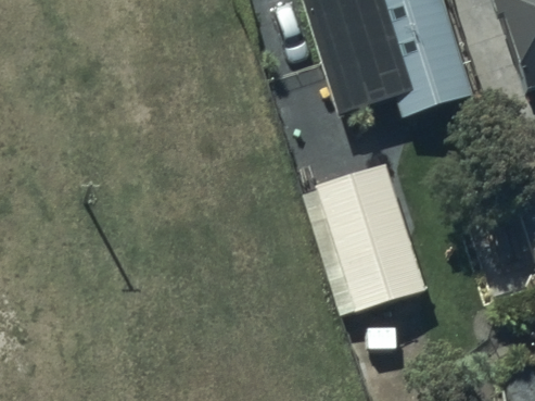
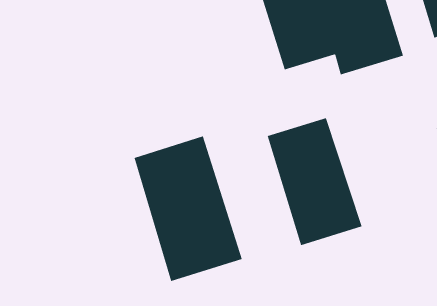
building: none -> [134,136,242,282]

